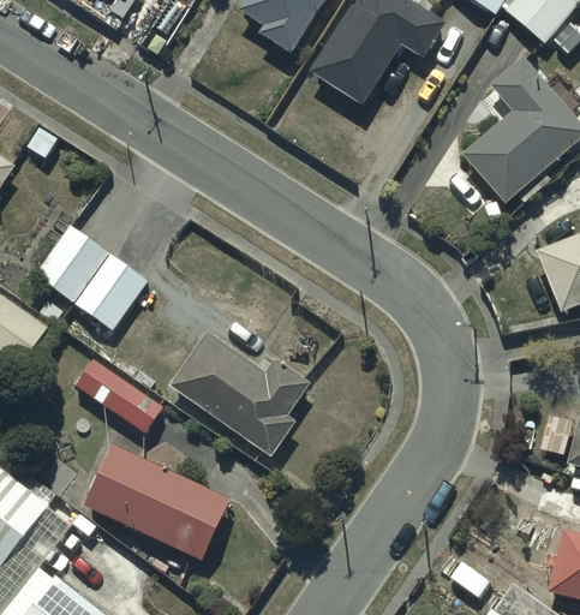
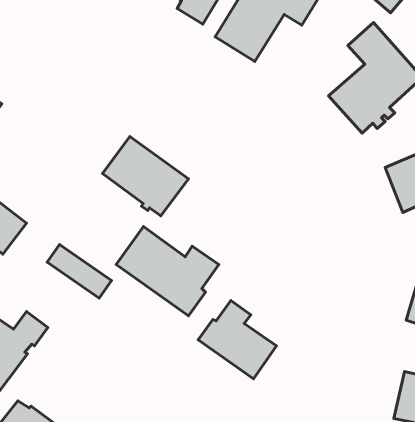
building: [32,223,149,332] -> [103,136,188,216]
building: none -> [198,300,277,379]
building: [84,443,232,562] -> none

